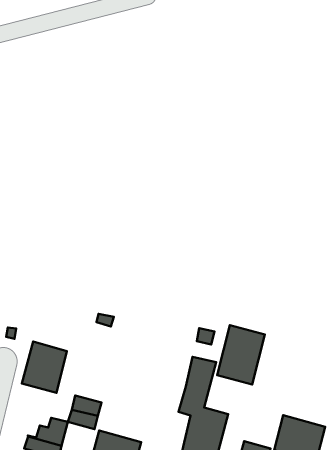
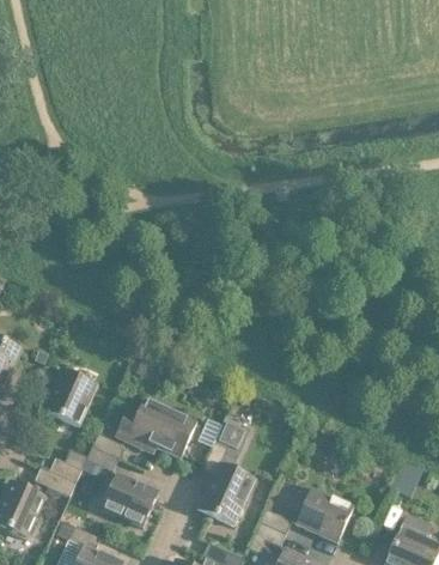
building: [217,325,265,385] -> none
building: none -> [114,401,185,454]

